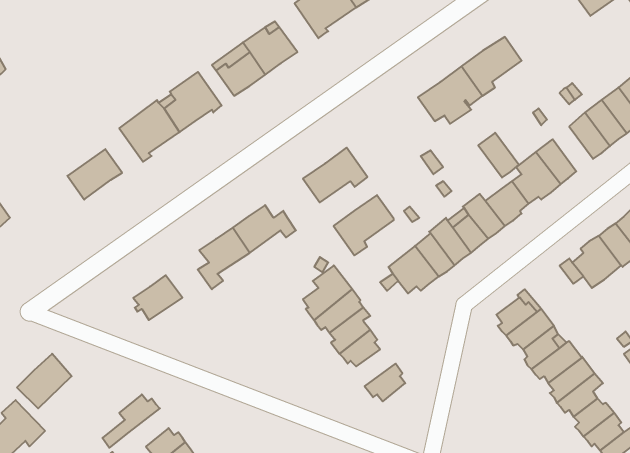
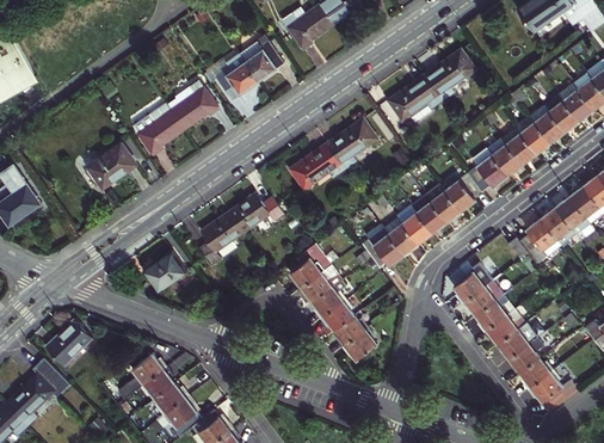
building: [478,133,519,178] -> [501,125,536,164]
building: [334,195,394,255] -> [326,117,377,168]
building: none -> [334,315,368,346]
building: none -> [141,365,174,398]

